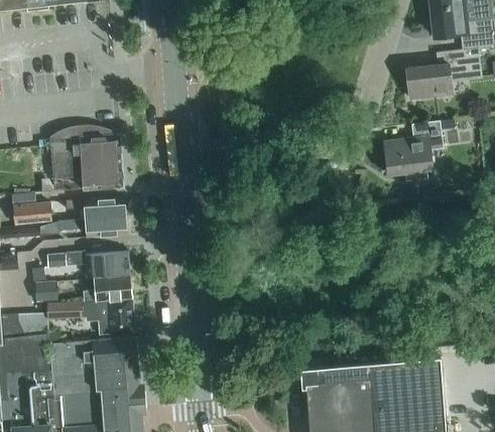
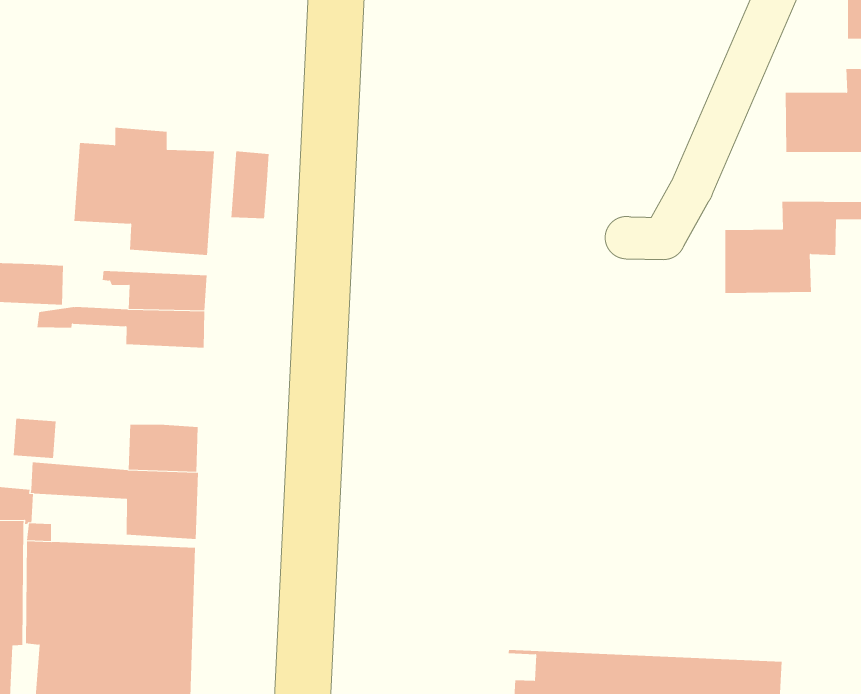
building: none -> [231,150,269,219]
building: [53,252,128,276] -> none

